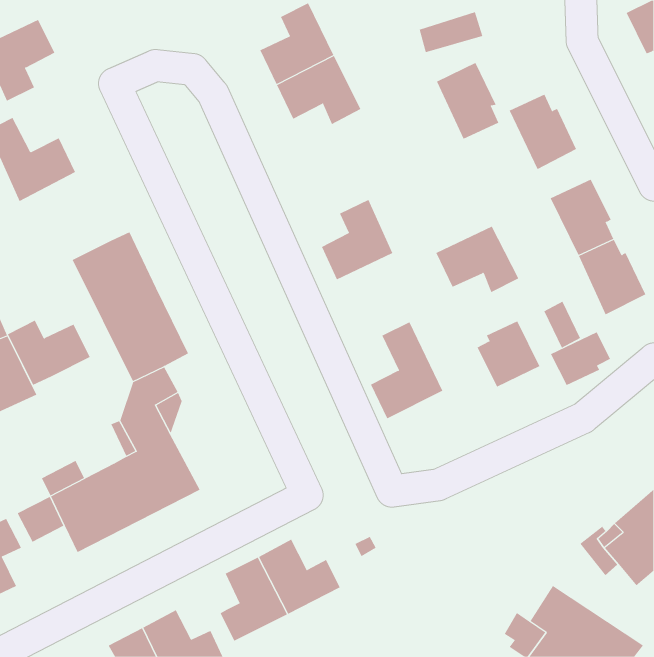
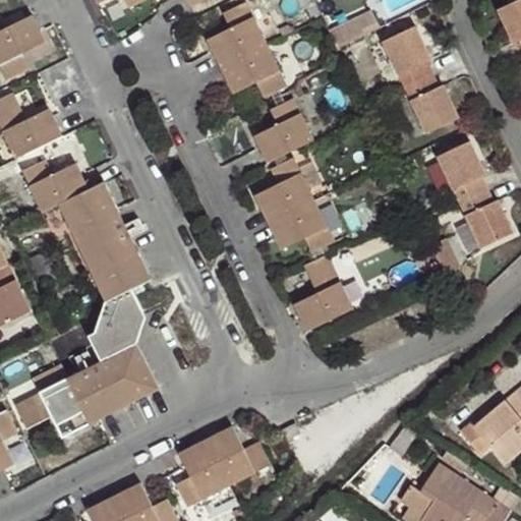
building: [436,62,499,139] -> [382,26,431,88]
building: none -> [253,99,311,164]
building: [436,226,519,293] -> [267,200,333,253]
building: [7,320,91,386] -> [21,161,88,213]
building: [477,320,540,387] -> none
building: [550,331,611,386] -> none

